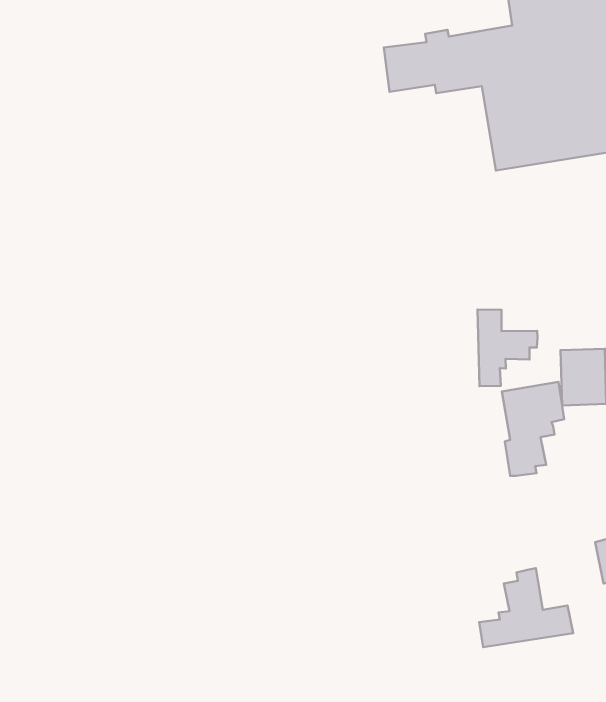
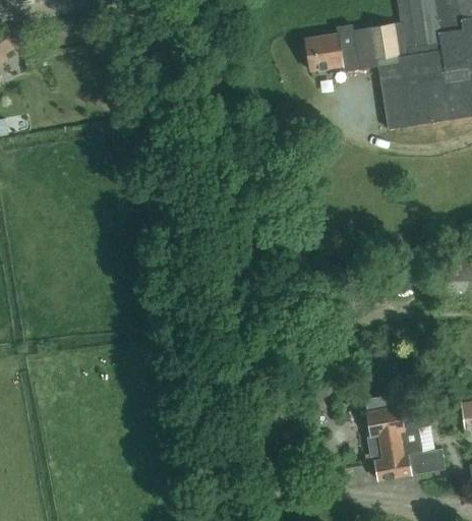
building: [477,309,537,386] -> none
building: [502,382,564,476] -> [366,392,412,461]

